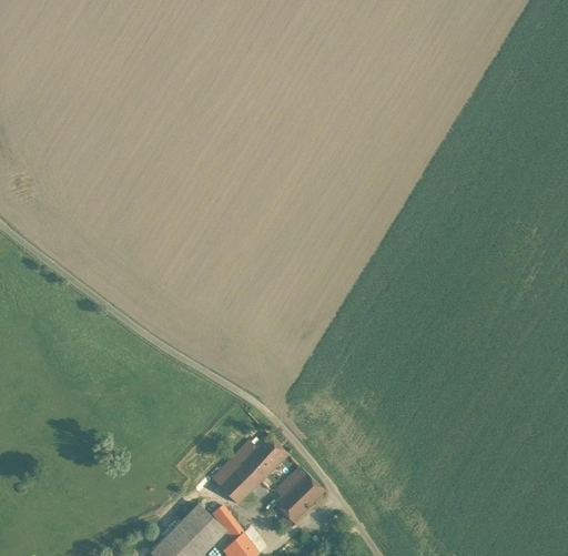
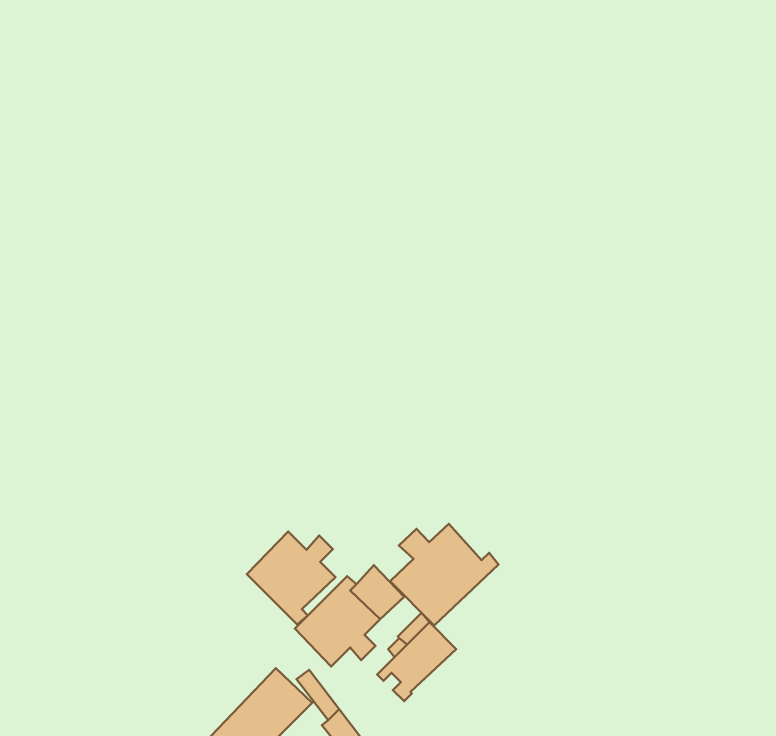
building: none -> [390,524,498,625]
building: none -> [247,531,336,624]

